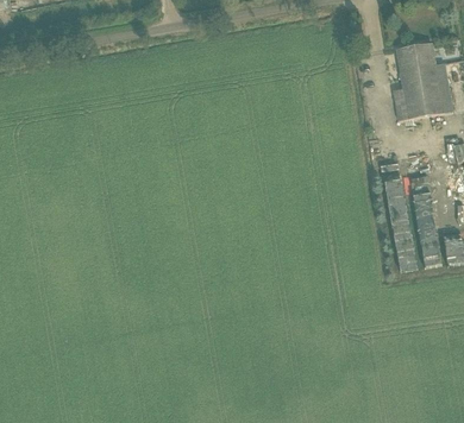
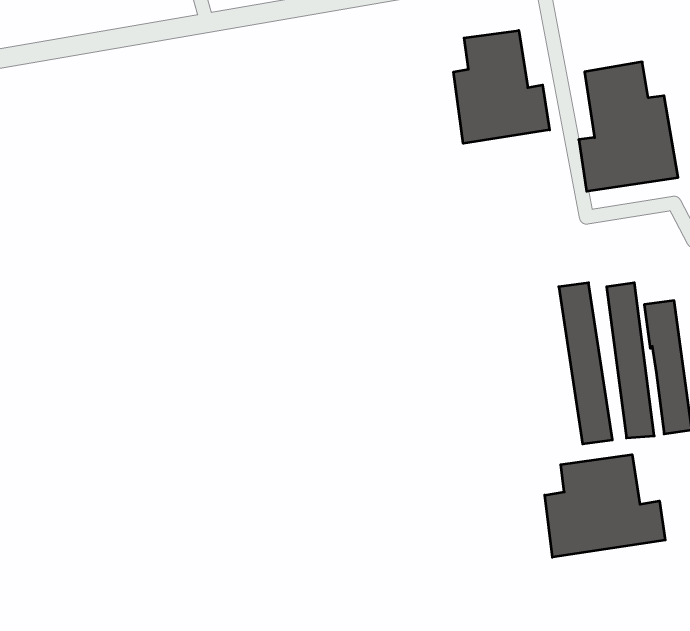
building: none -> [454,30,550,143]
building: none -> [545,455,665,557]

